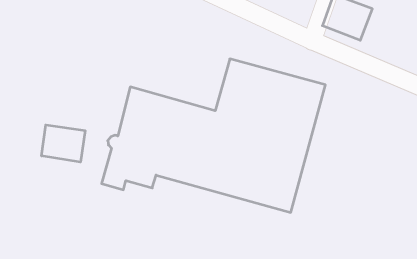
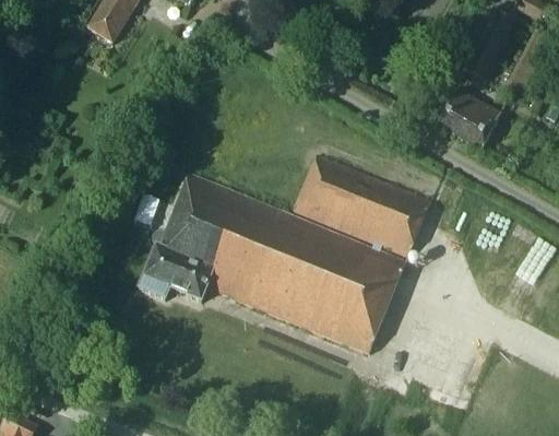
building: [42,125,85,162] -> none

